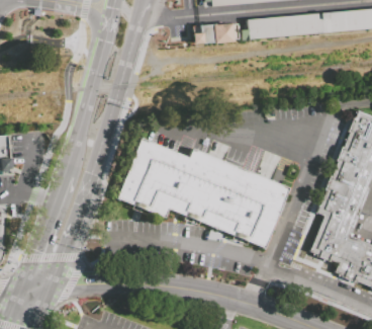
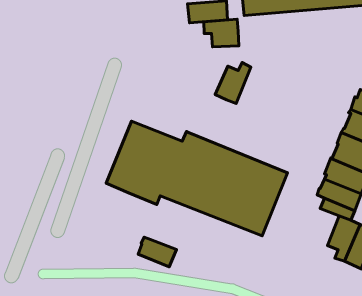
building: none -> [204,19,239,47]
building: none -> [215,63,251,104]
building: [311,223,341,258] -> none
building: none -> [138,237,176,267]

